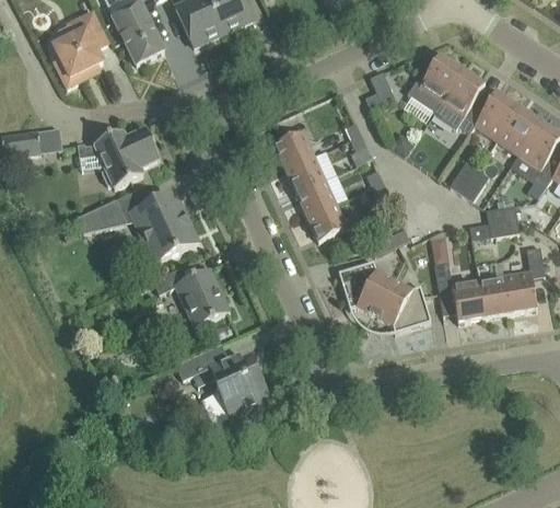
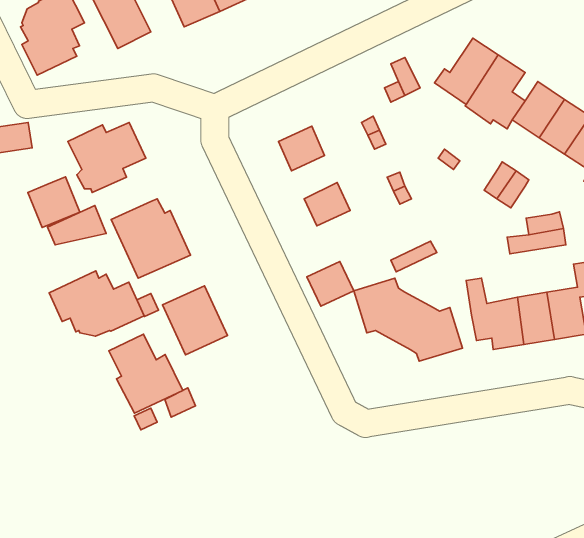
building: [284,155,324,193] -> none
building: none -> [28,177,80,228]
building: [306,203,347,241] -> [307,261,354,306]
building: none -> [49,271,144,336]
building: [209,351,272,419] -> [109,334,183,413]

